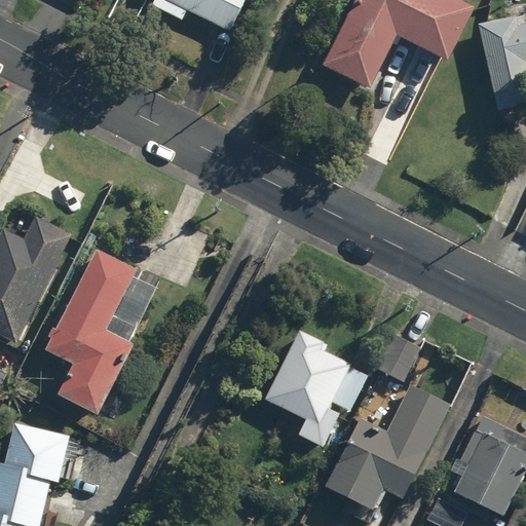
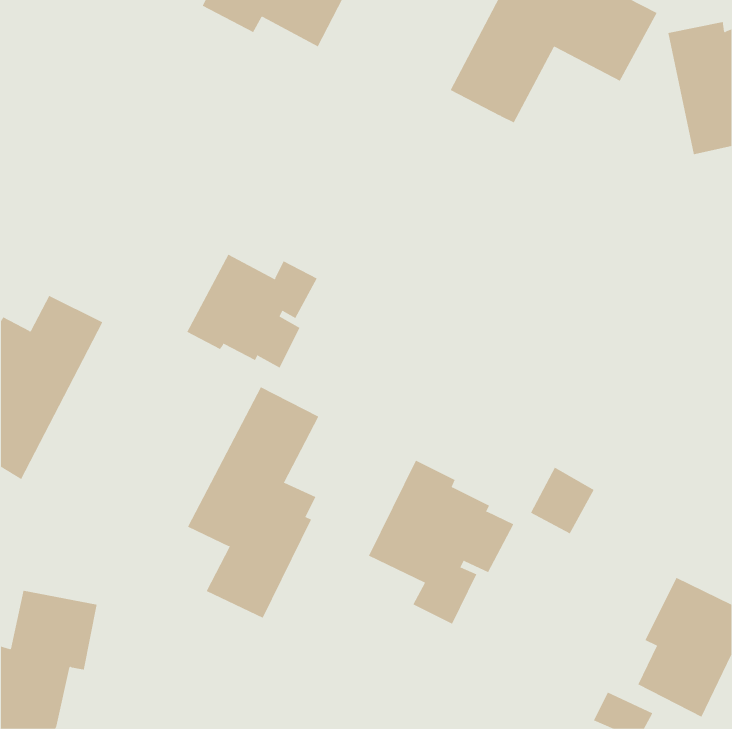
building: none -> [186,254,317,368]
building: [44,248,139,414] -> [187,386,319,618]
building: [325,380,449,510] -> none

